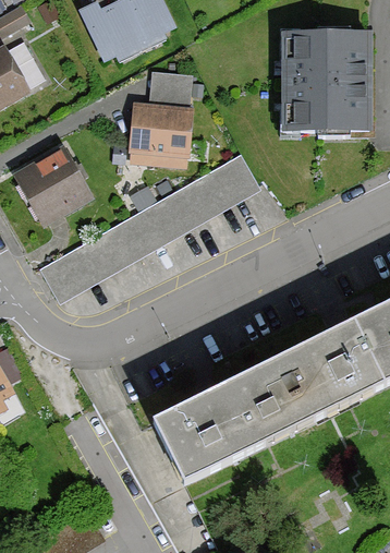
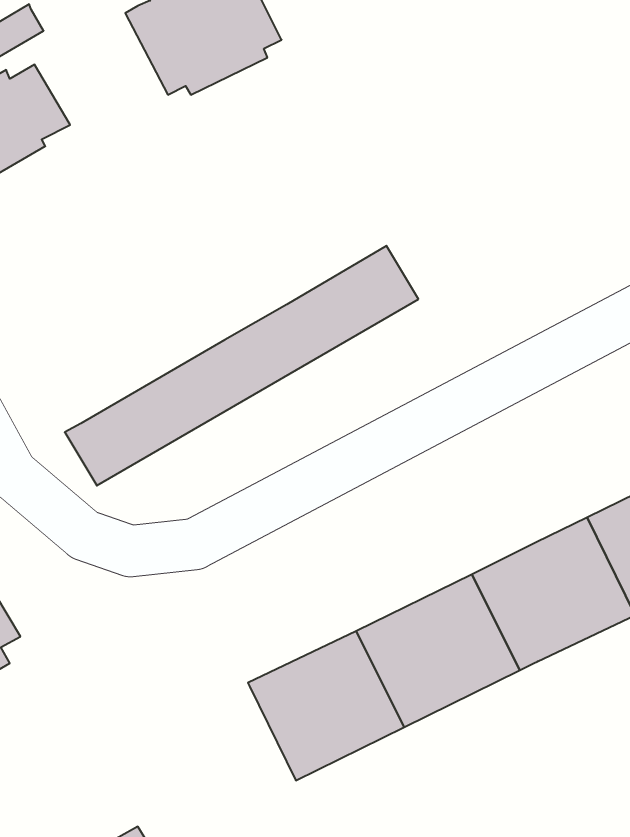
building: [283,33,374,133] -> none
building: [130,72,192,166] -> none
building: [13,145,94,226] -> none

